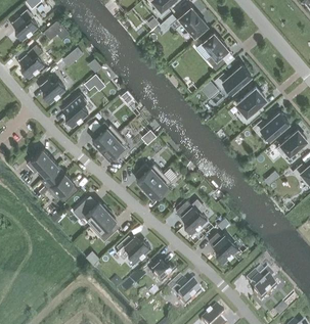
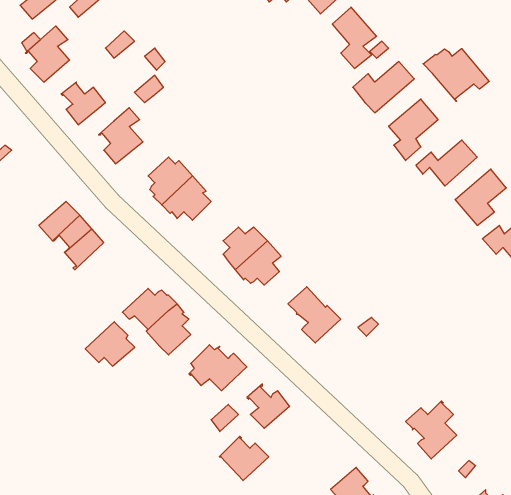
building: none -> [423,49,489,101]
building: [47,171,77,197] -> [85,322,135,366]
building: [208,229,238,260] -> none
building: [171,278,201,305] -> [219,436,269,481]

